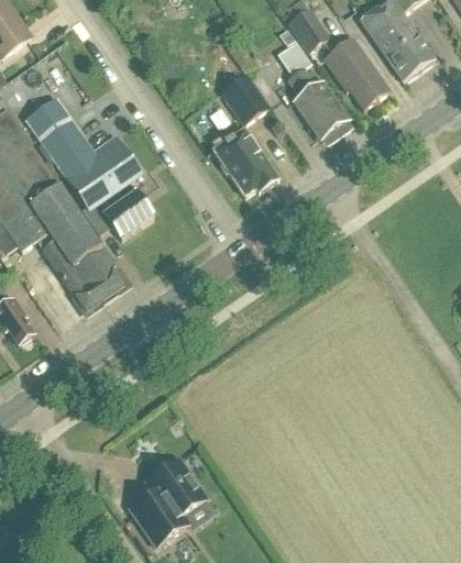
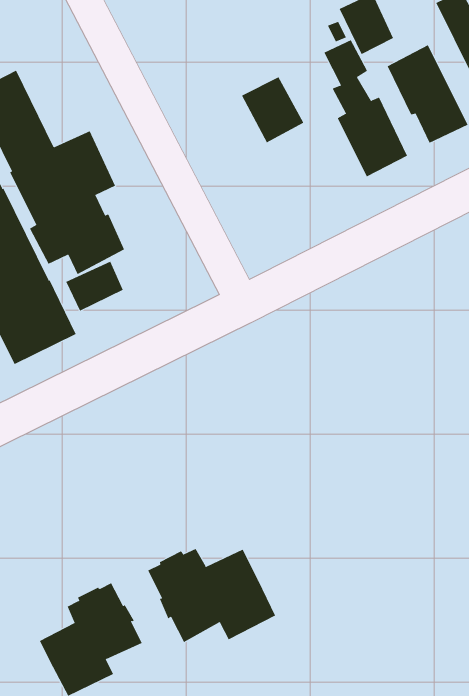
building: [211,128,277,196] -> none
building: none -> [66,261,124,312]
building: none -> [148,548,276,643]

